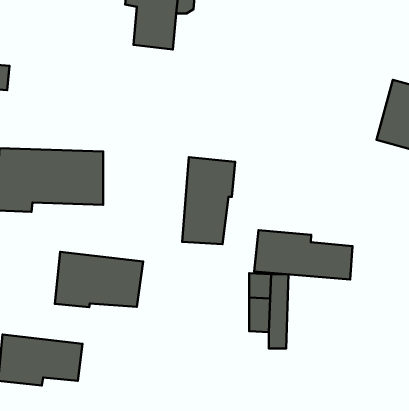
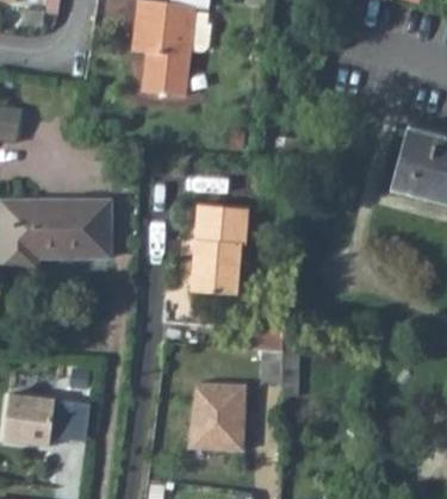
building: [254,230,352,279] -> none
building: [55,252,143,307] -> none
building: none -> [187,383,243,454]

